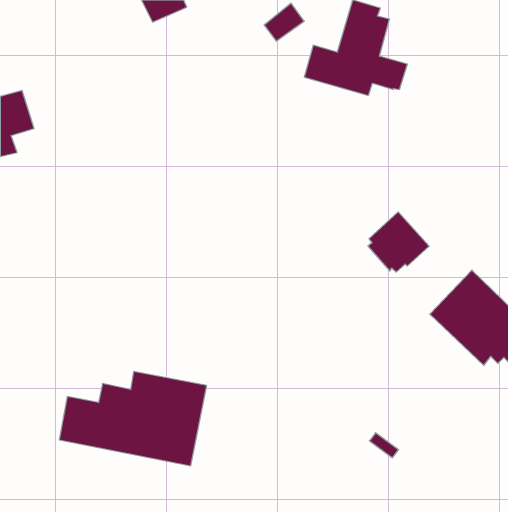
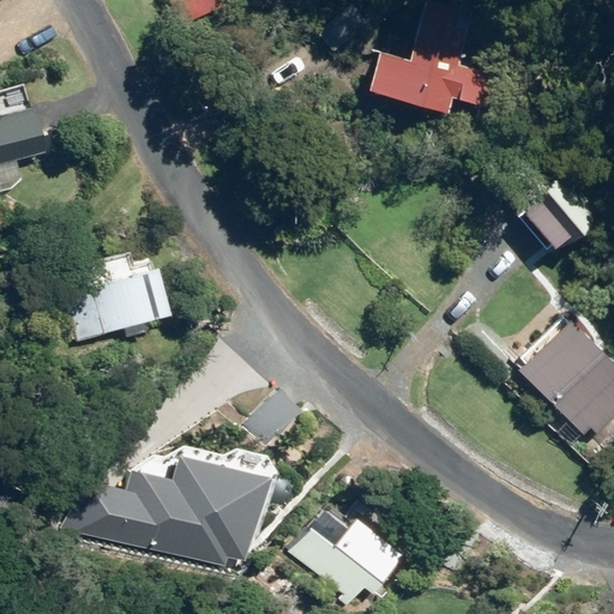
building: none -> [73,253,171,339]
building: [368,212,429,272] -> [520,180,594,252]
building: none -> [290,508,403,606]

